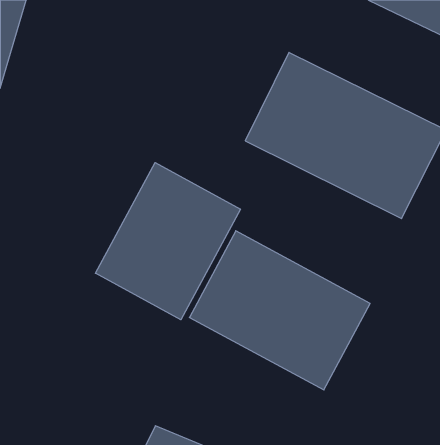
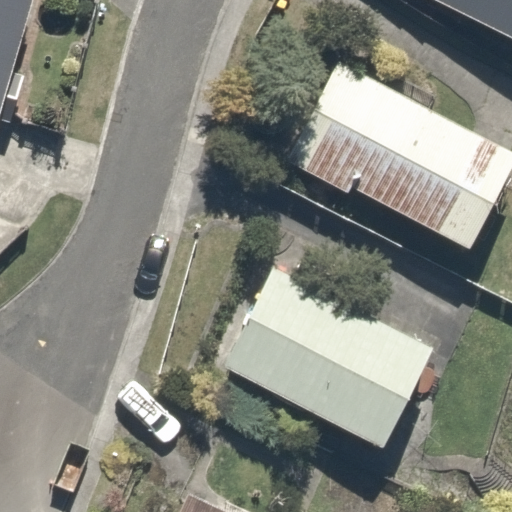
building: [95,163,240,320] -> none

